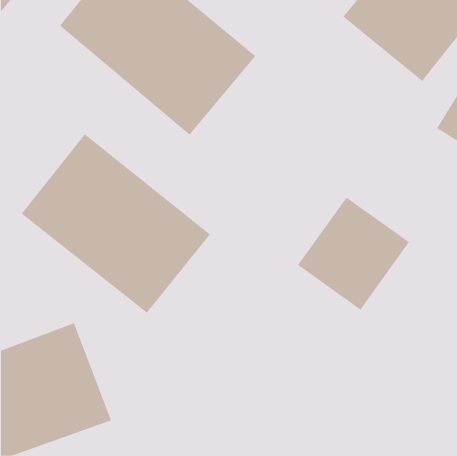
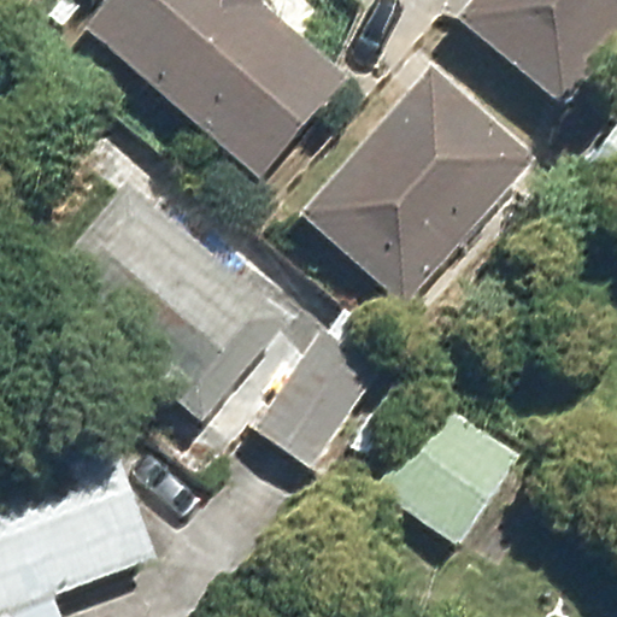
building: none -> [301,70,534,302]
building: [297,197,410,310] -> [371,390,521,541]
building: none -> [258,325,384,464]

